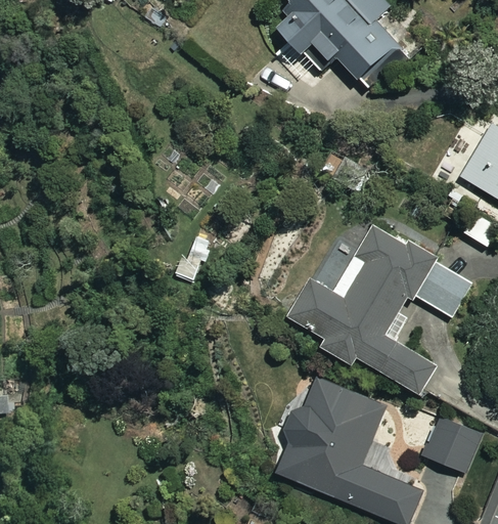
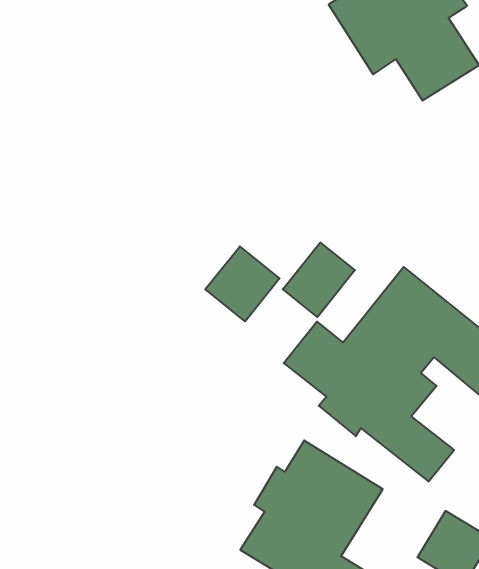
building: none -> [283,242,355,317]
building: none -> [205,246,280,321]

